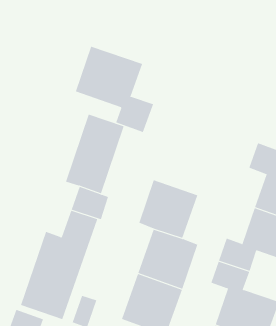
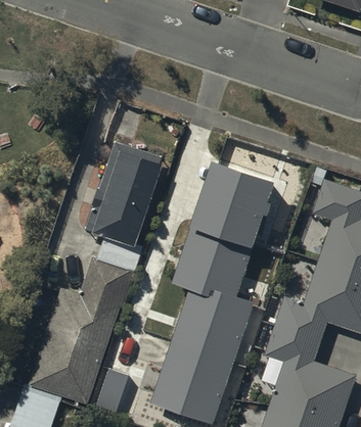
building: [75,46,154,133] -> none
building: none -> [195,165,273,245]

